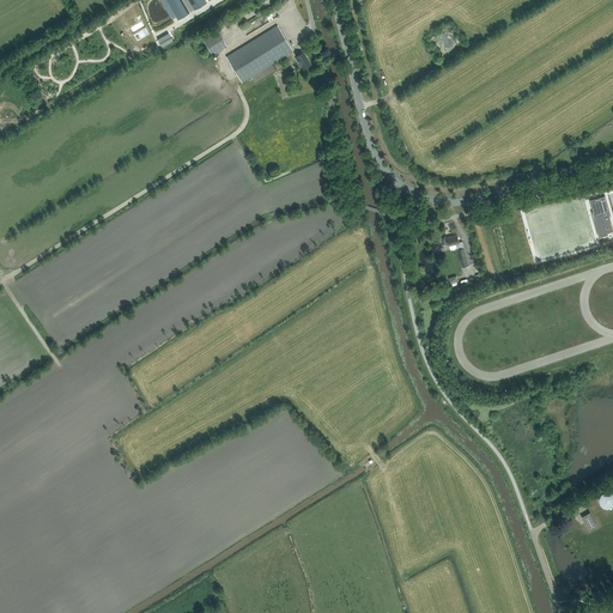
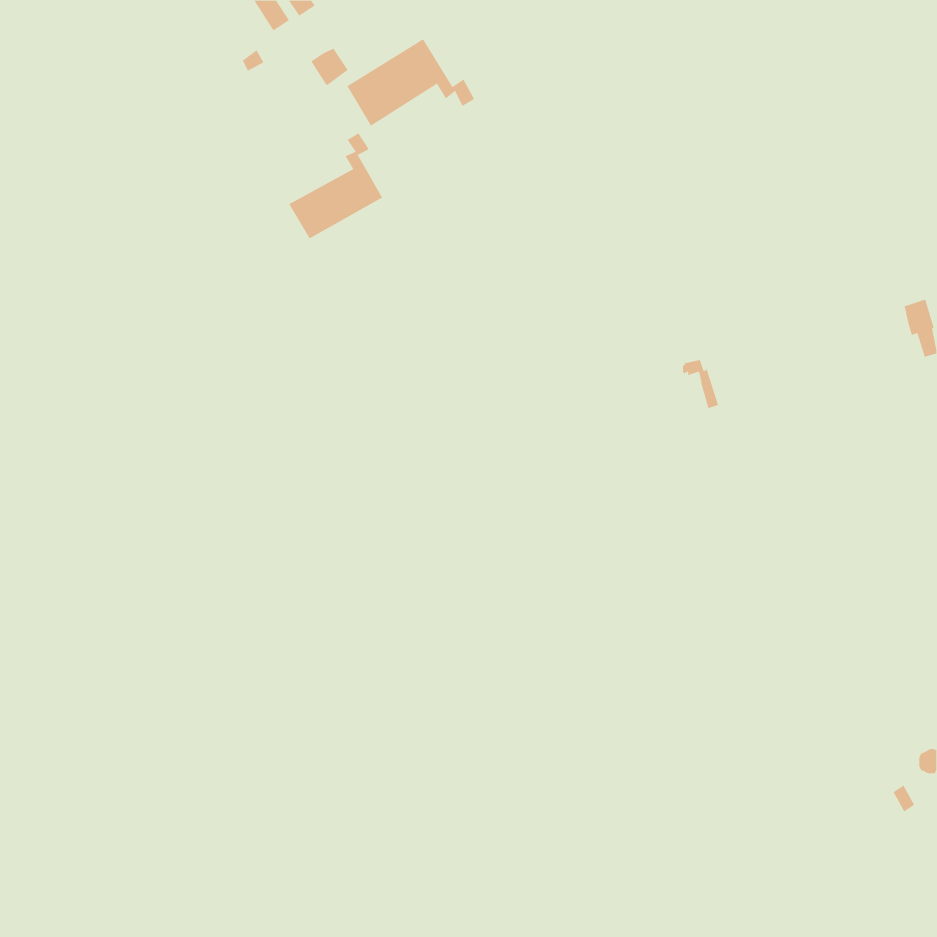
building: none -> [289,132,383,239]

